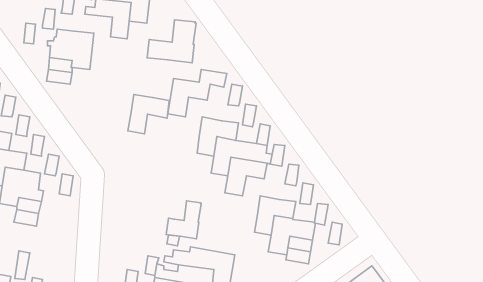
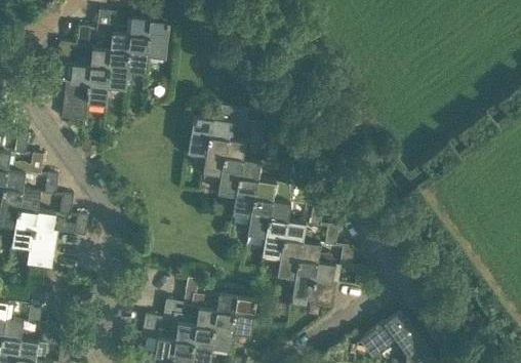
building: none -> [88,49,128,91]
building: [147,20,196,63] -> none
building: [128,94,169,134] -> [201,136,244,177]
building: none -> [262,218,305,258]
building: [166,201,201,239] -> none

